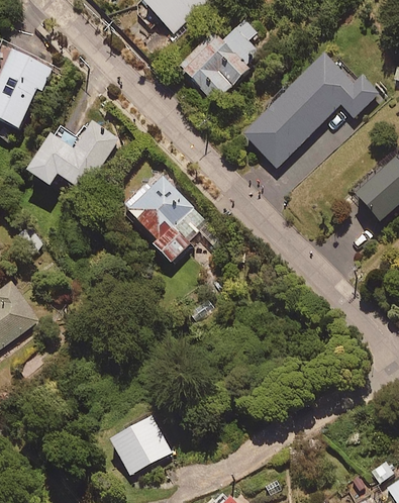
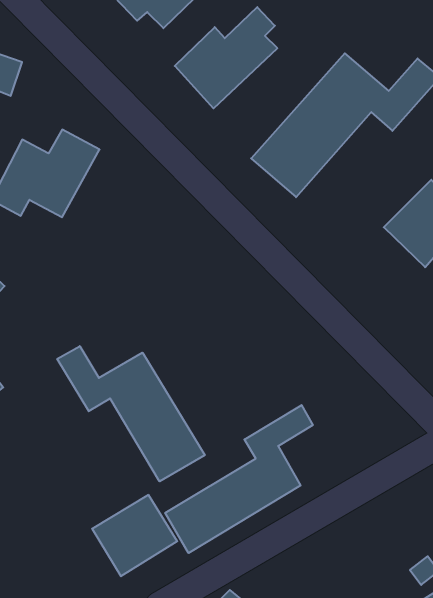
building: [125,172,201,267] -> none
building: none -> [57,346,205,481]
building: none -> [165,405,313,553]

